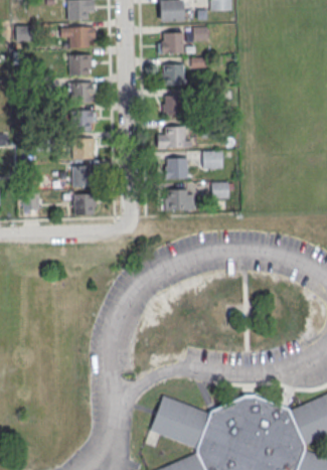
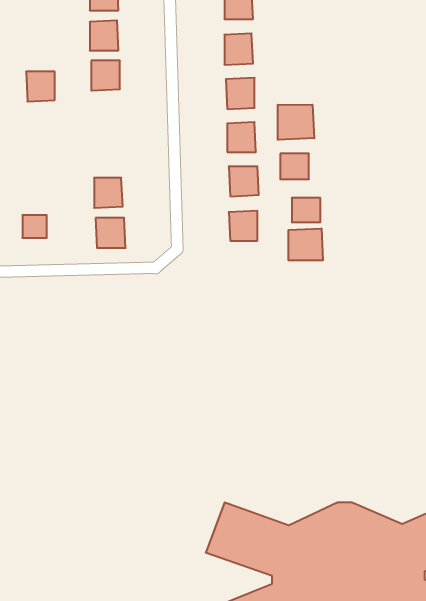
building: [70,111,91,132] -> [26,72,55,102]
building: none -> [278,105,314,140]
building: [72,139,93,160] -> none
building: none -> [288,228,323,260]

